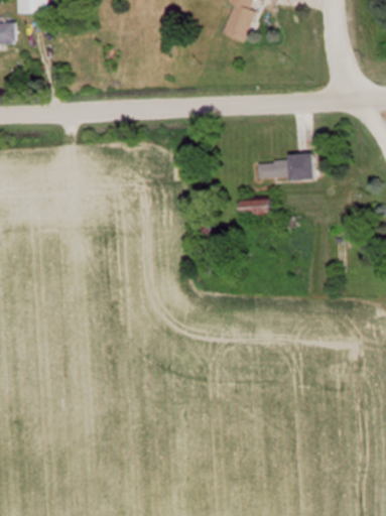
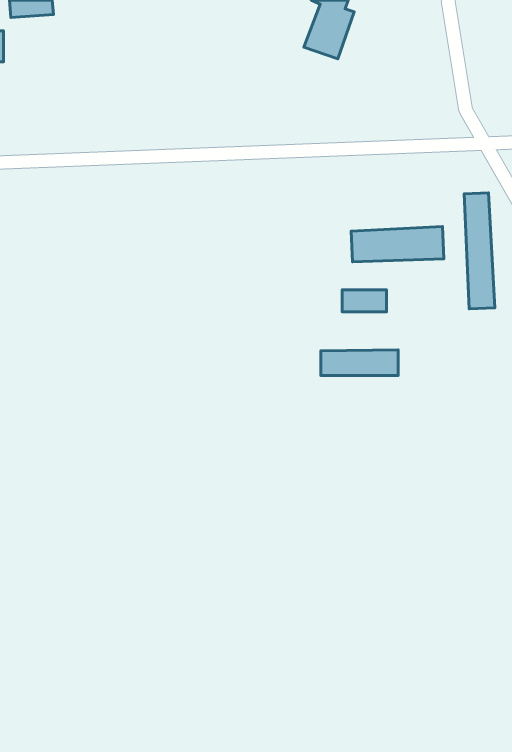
building: none -> [464,193,495,309]
building: none -> [321,350,398,376]

